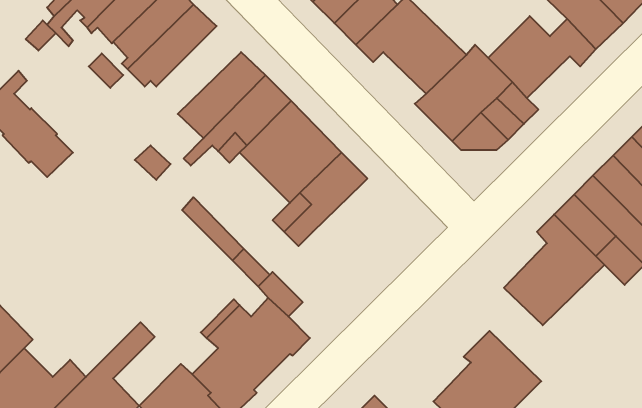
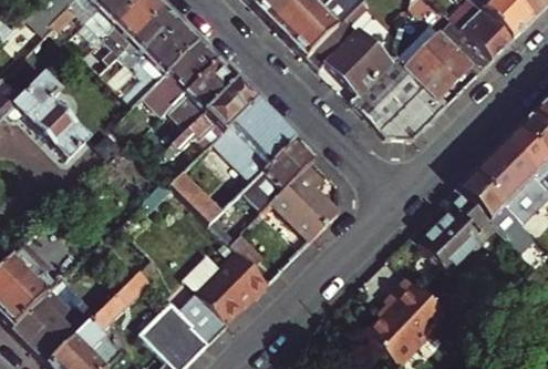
building: none -> [151,40,218,107]
building: none -> [273,162,341,237]

